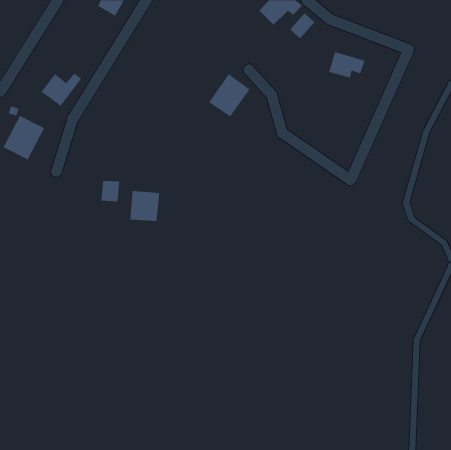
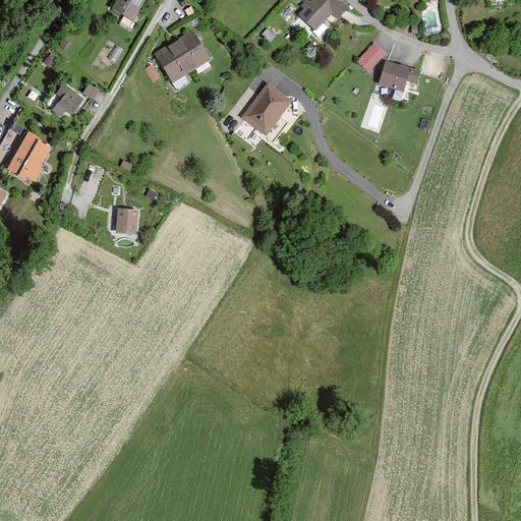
building: [290,13,315,39] -> [357,41,387,71]
building: none -> [154,30,211,82]
building: [130,190,160,222] -> none

